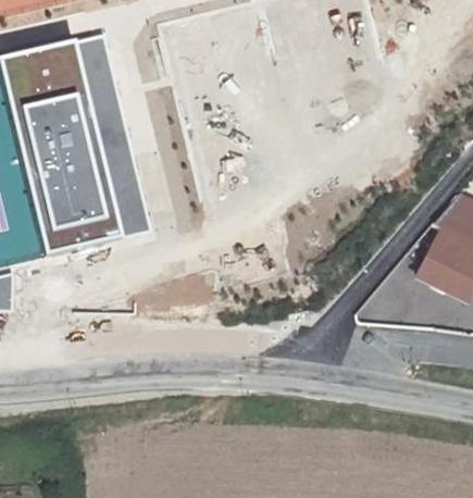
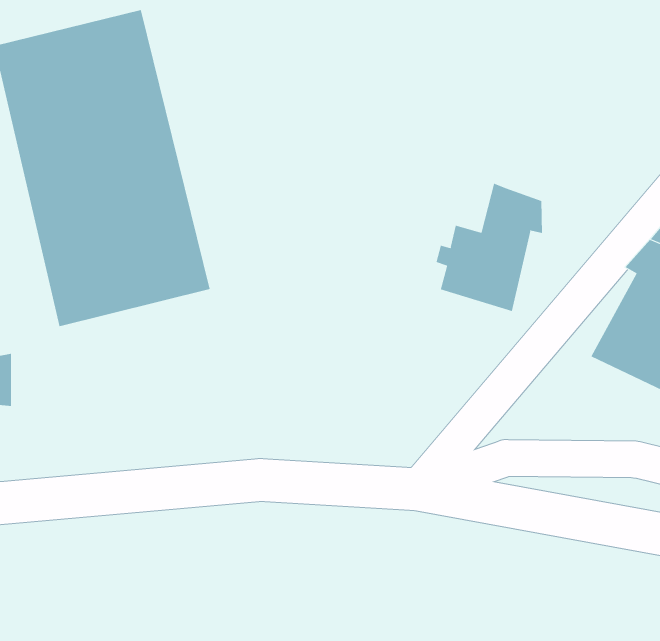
building: none -> [436,183,542,312]

